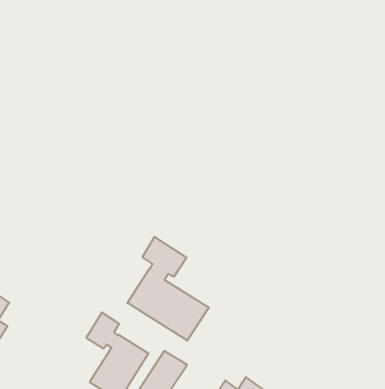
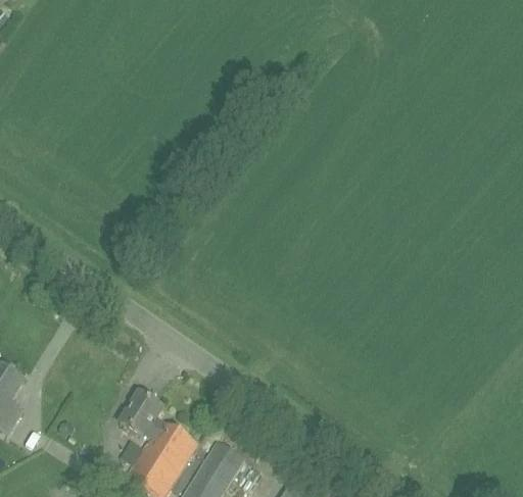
building: [127,237,209,341] -> none

